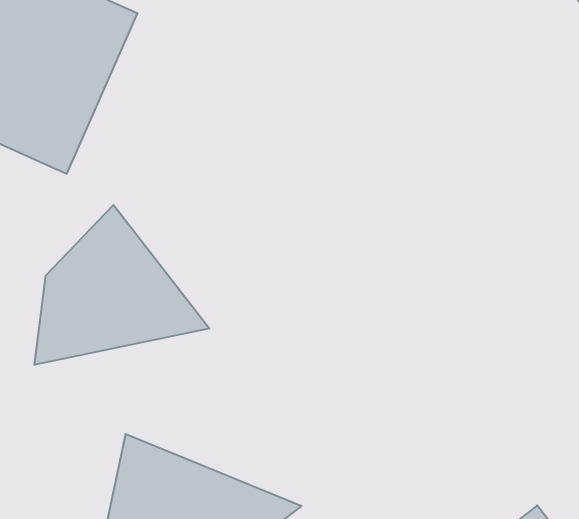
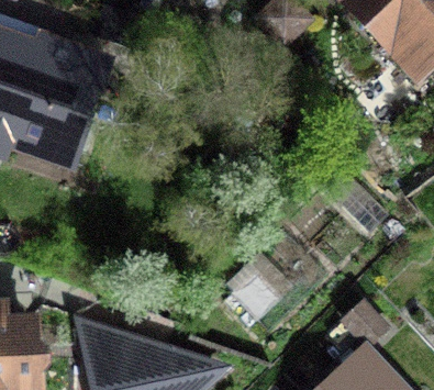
building: [35,205,209,365] -> none

